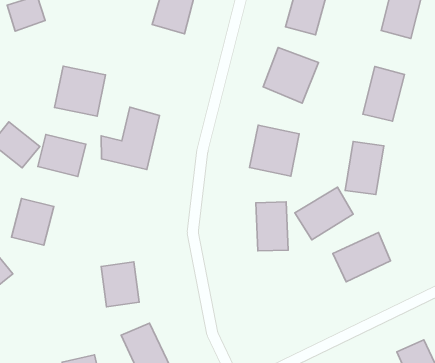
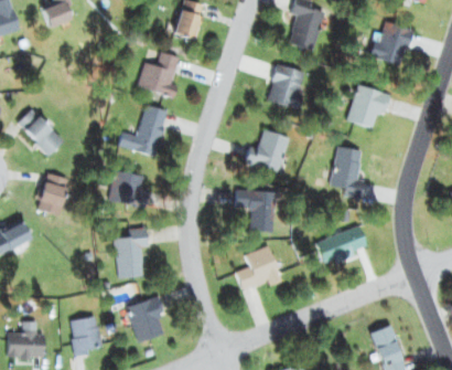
building: [55,66,106,116] -> [136,46,182,92]
building: [38,134,86,177] -> [108,171,151,210]
building: [295,187,353,240] -> [235,247,286,292]

